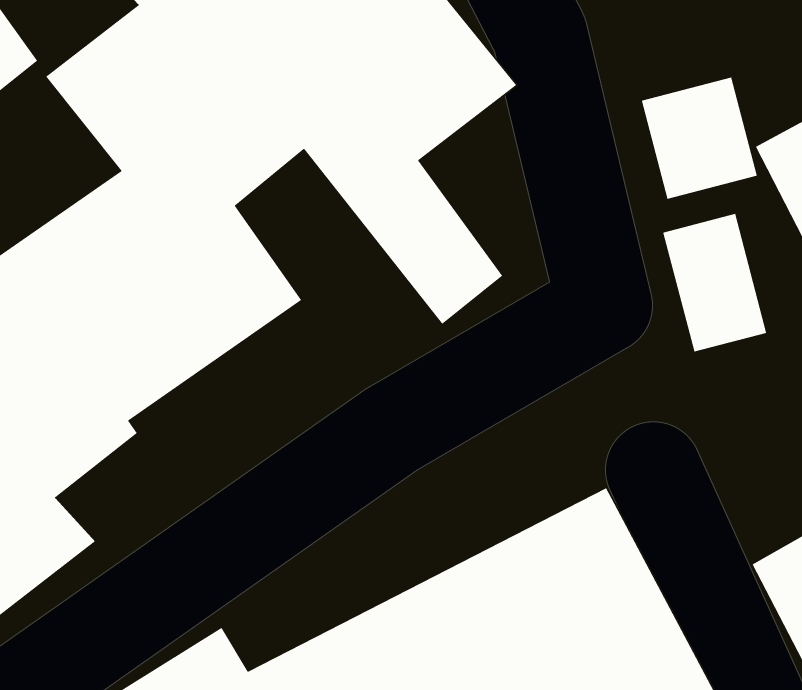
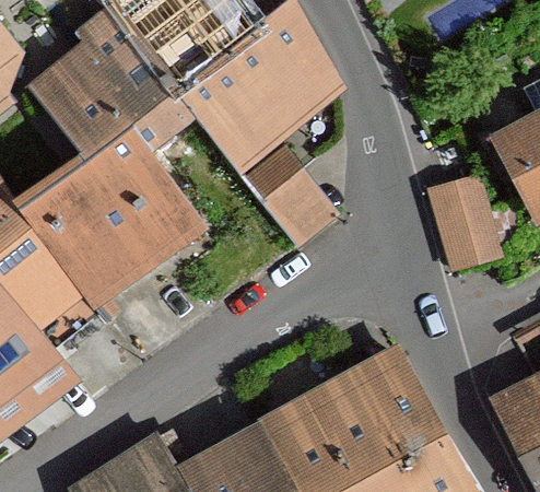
building: [641,77,758,200] -> none

